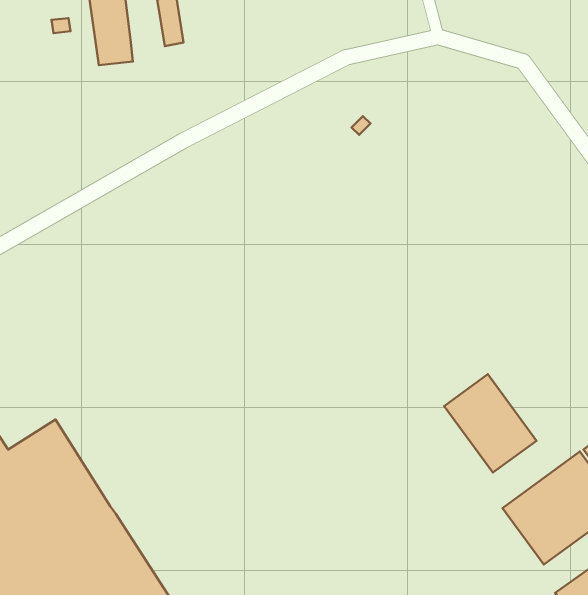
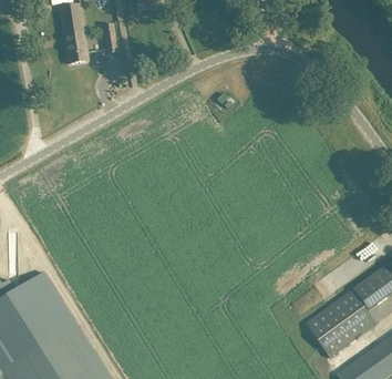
building: [444,374,537,473] -> none

